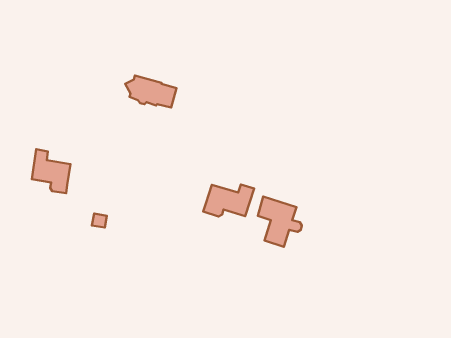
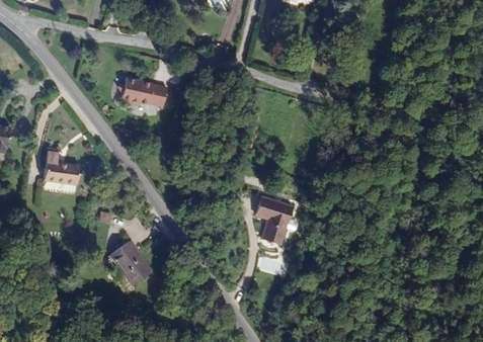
building: [203,185,254,216] -> none
building: none -> [110,241,151,286]

